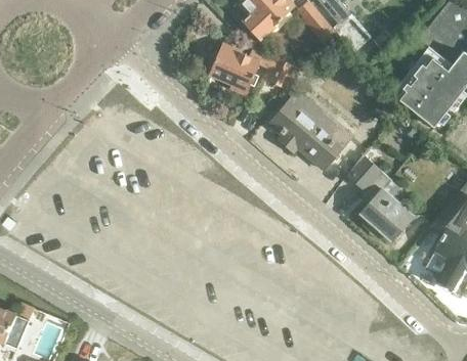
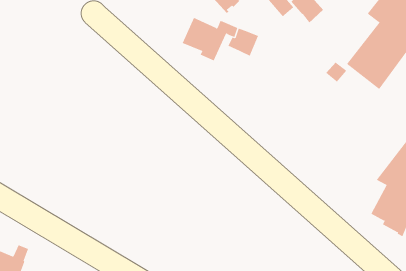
building: [272,88,352,169] -> none
building: [347,155,413,239] -> none

